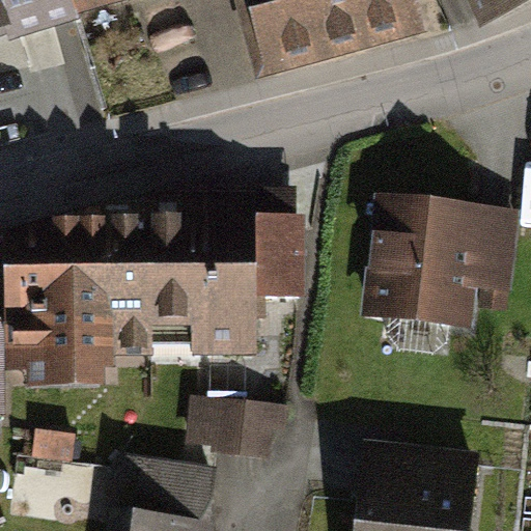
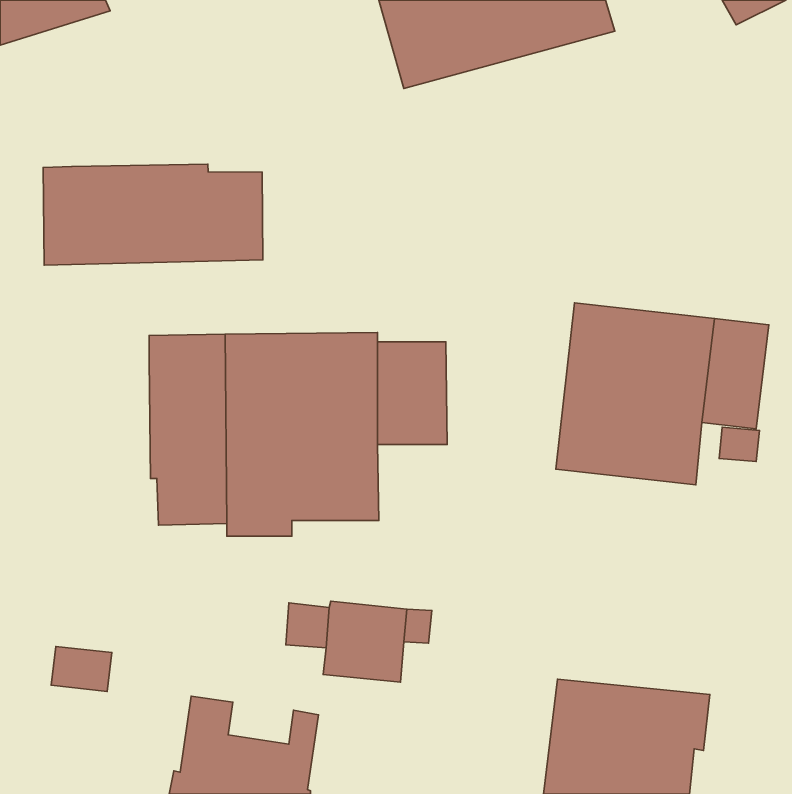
building: none -> [43,164,263,265]
building: [15,241,107,365] -> none

